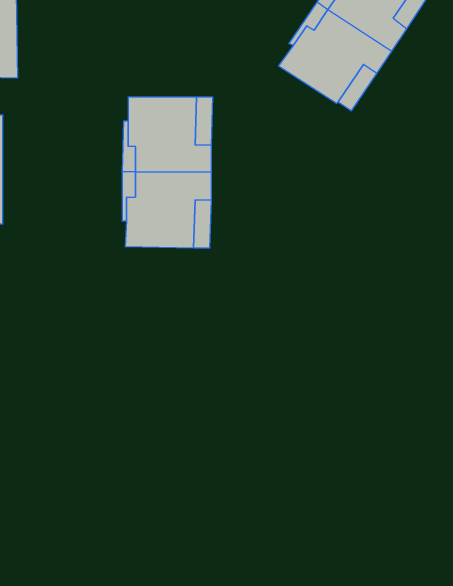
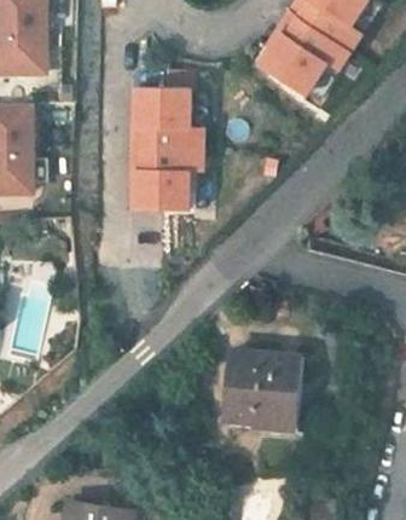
building: none -> [226,351,295,423]

